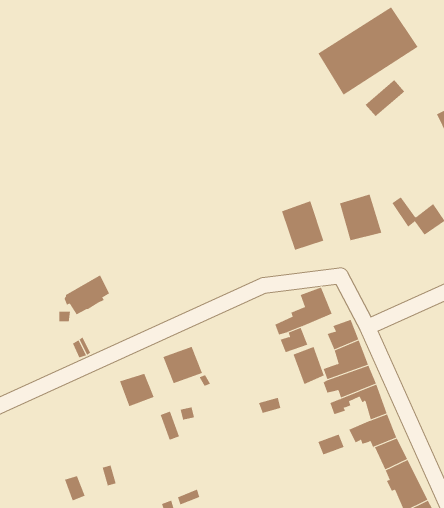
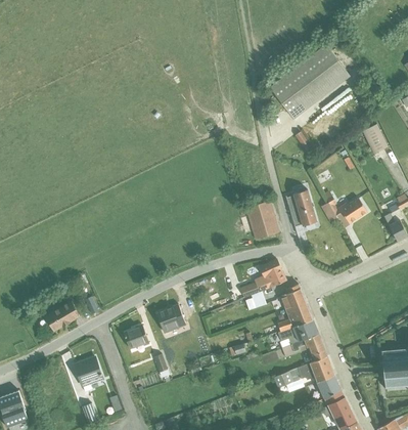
building: [64,275,110,315] -> [44,301,79,332]
building: [293,346,324,385] -> none
building: none -> [74,357,103,387]

